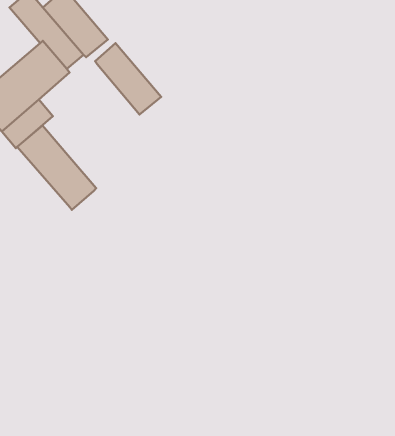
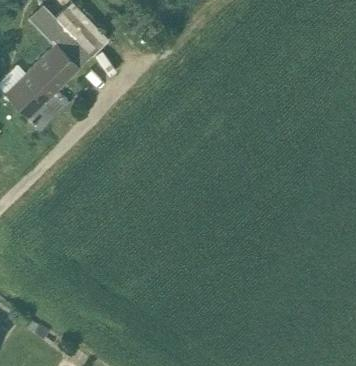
building: [95,43,161,115] -> none
building: [17,126,96,210] -> none

